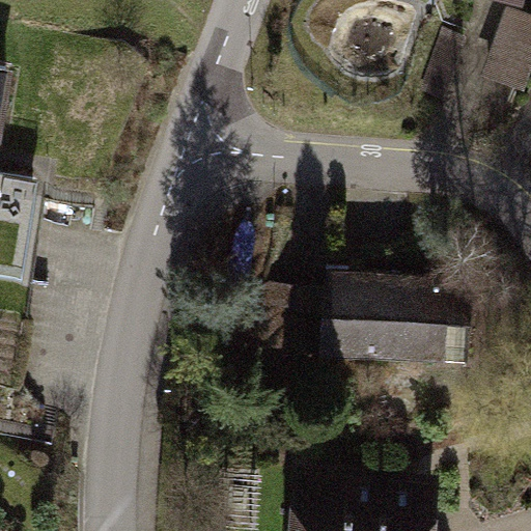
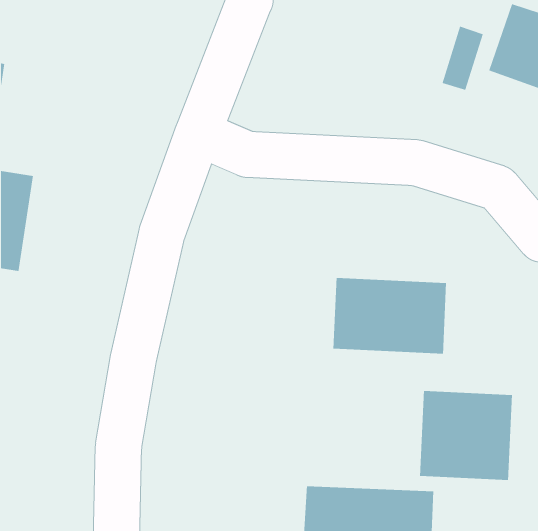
building: none -> [419,390,513,481]

